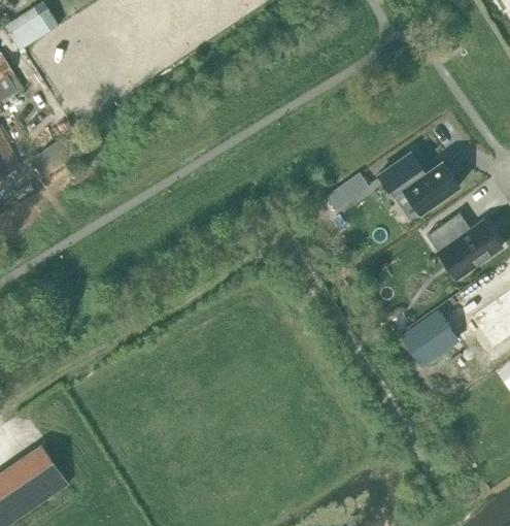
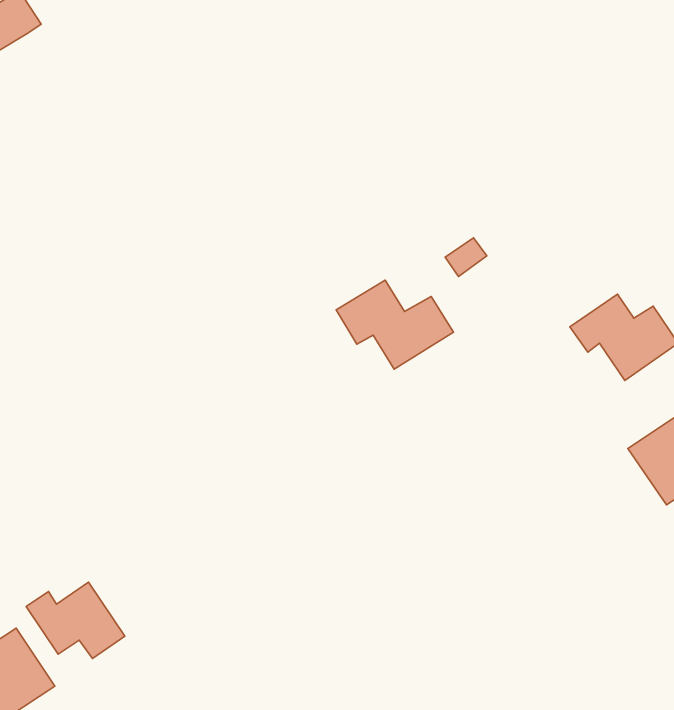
building: [366,153,447,215] -> [336,280,453,369]
building: [411,314,461,357] -> none
building: none -> [26,582,125,658]

